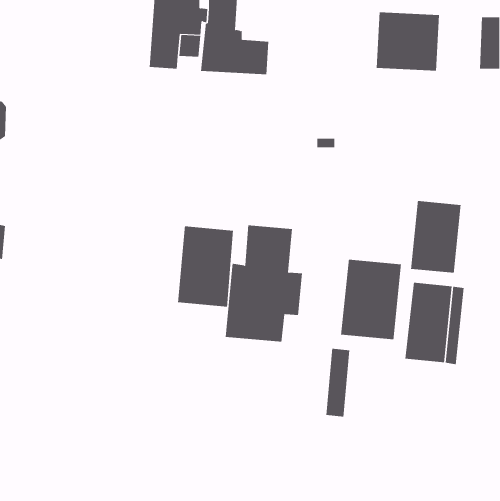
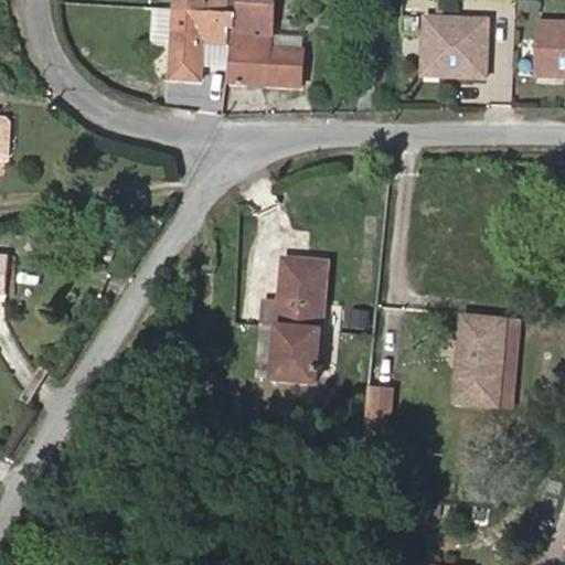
building: [411,200,461,274] -> none
building: [177,226,234,308] -> none
building: [341,259,402,340] -> none

